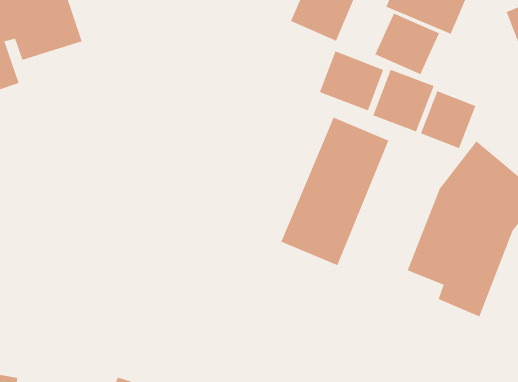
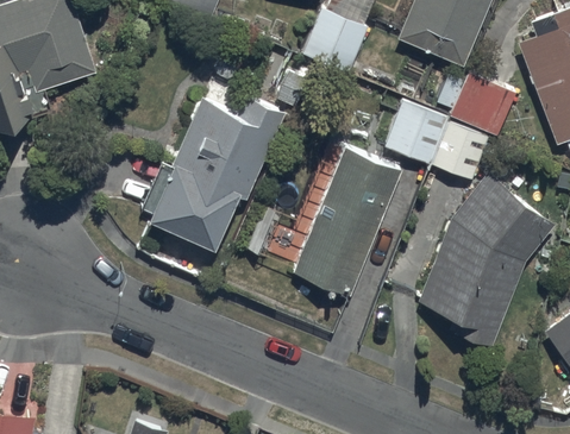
building: [374,13,440,75] -> [450,74,515,136]
building: [319,51,384,111] -> none
building: none -> [148,96,286,254]

